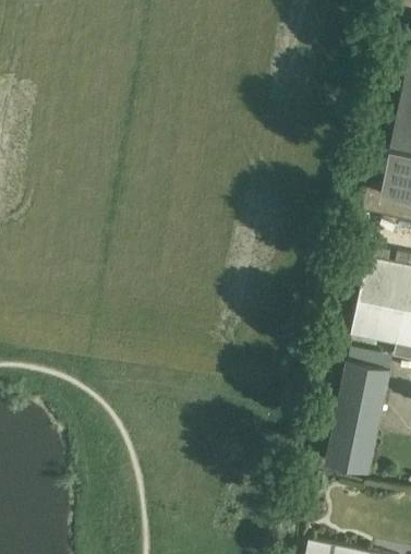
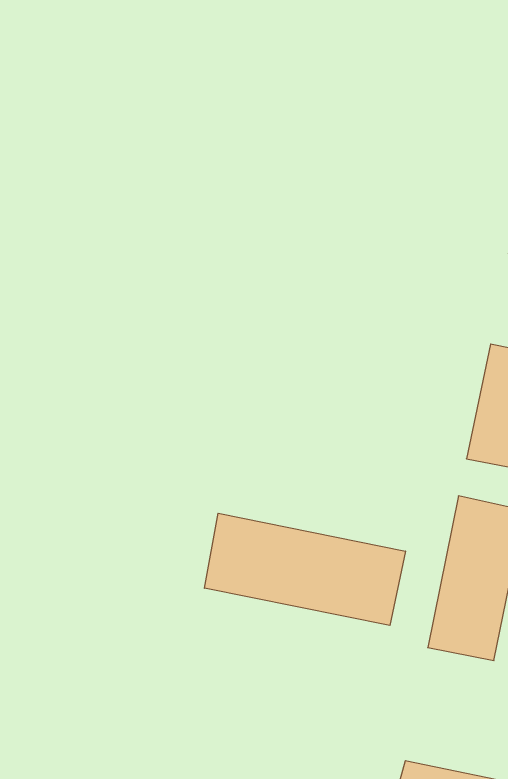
building: none -> [204,513,405,625]

